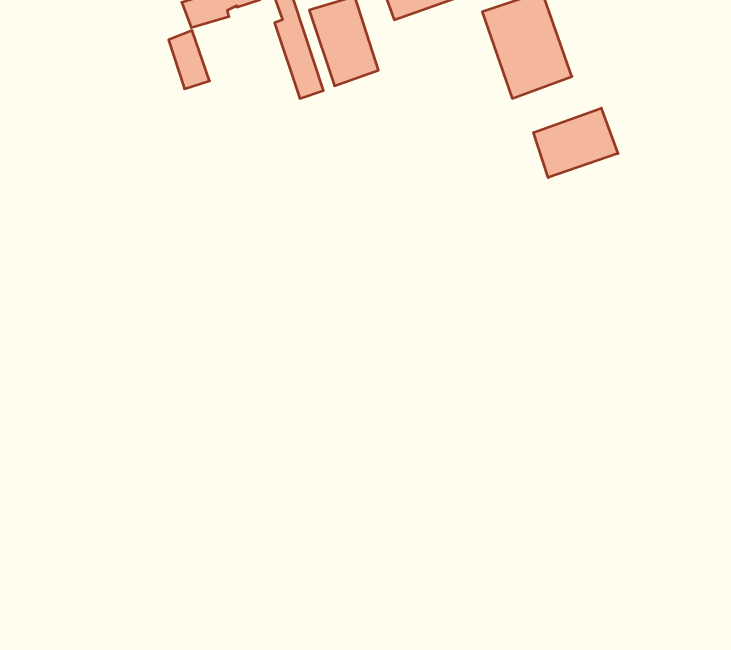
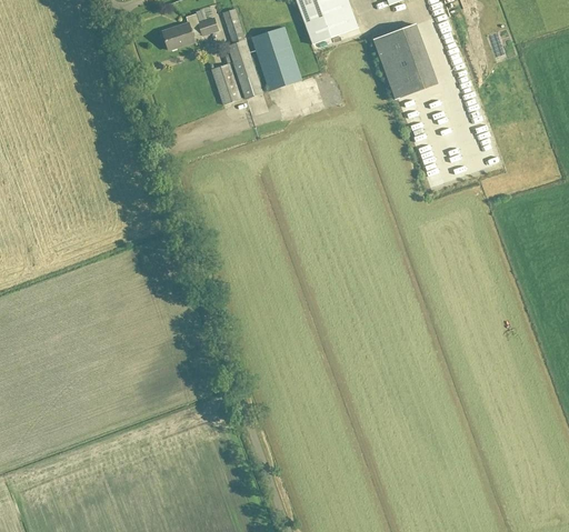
building: [169,31,210,89] -> [210,63,239,104]
building: [534,108,618,178] -> none

